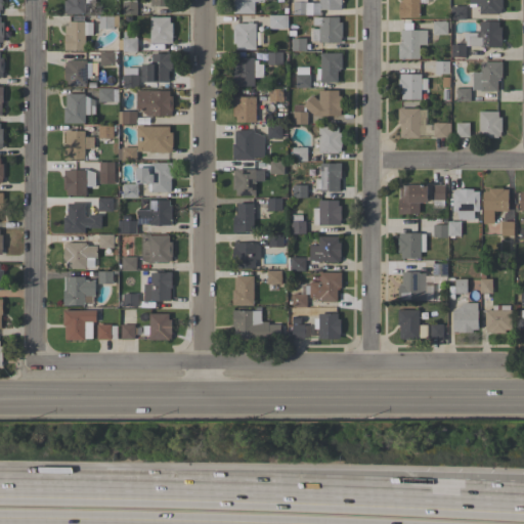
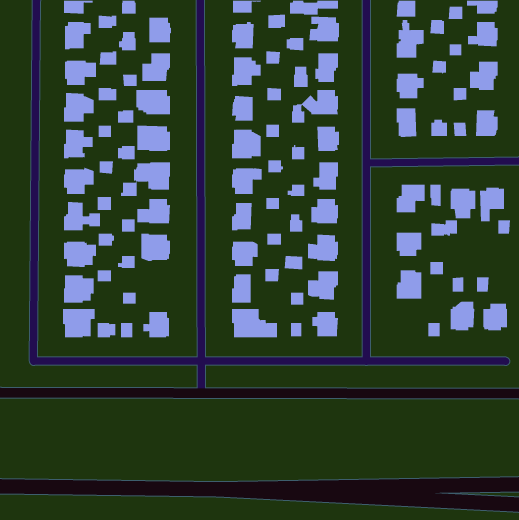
building: [144,272,172,301] -> none
building: [398,309,428,339] -> none

